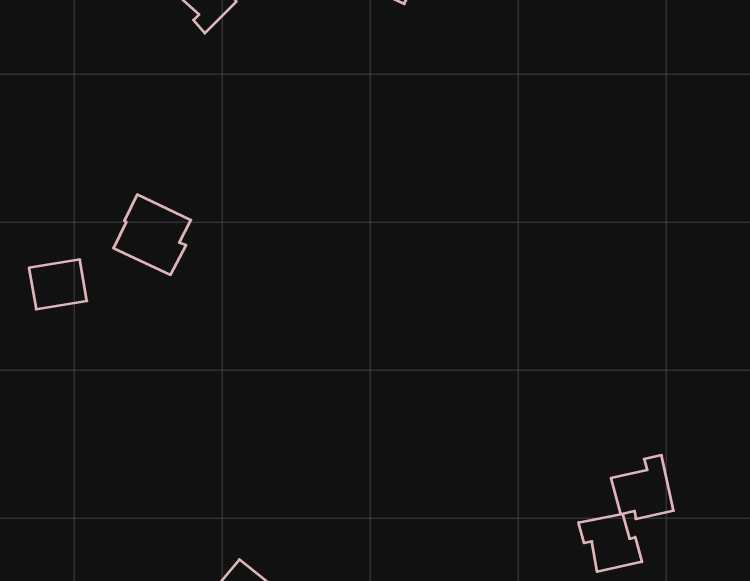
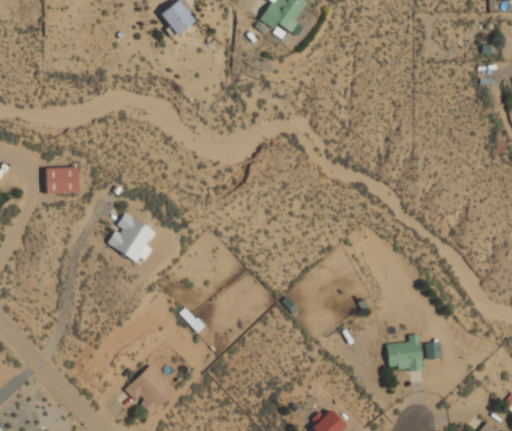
building: [113,195,191,275] -> [107,212,157,264]
building: [579,514,642,572] -> none

